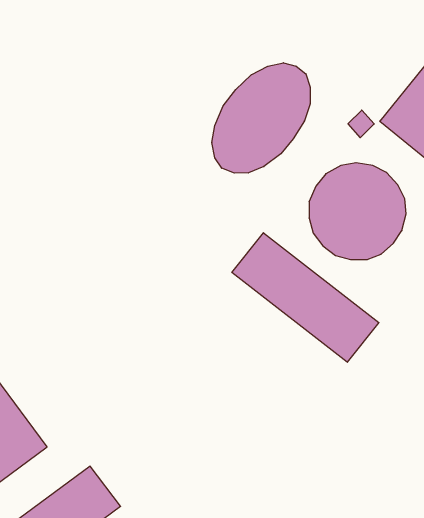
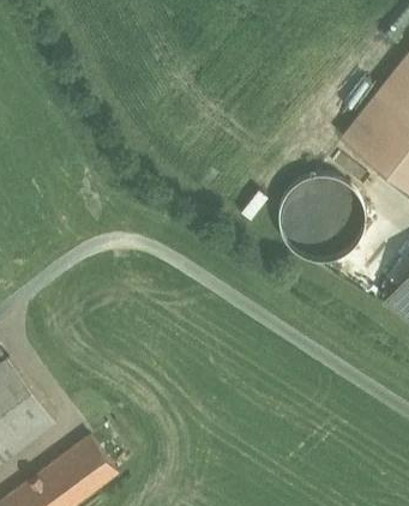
building: [212,63,310,173] -> none
building: [232,233,379,362] -> none

